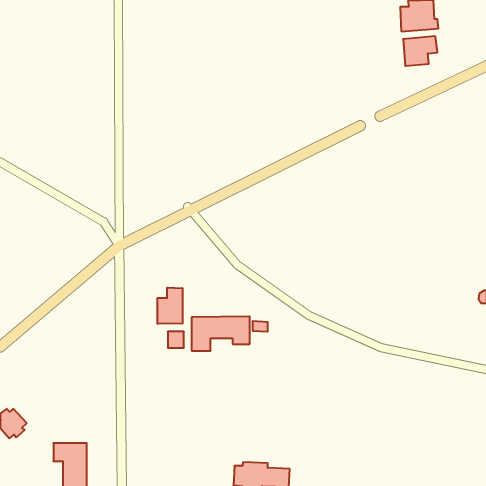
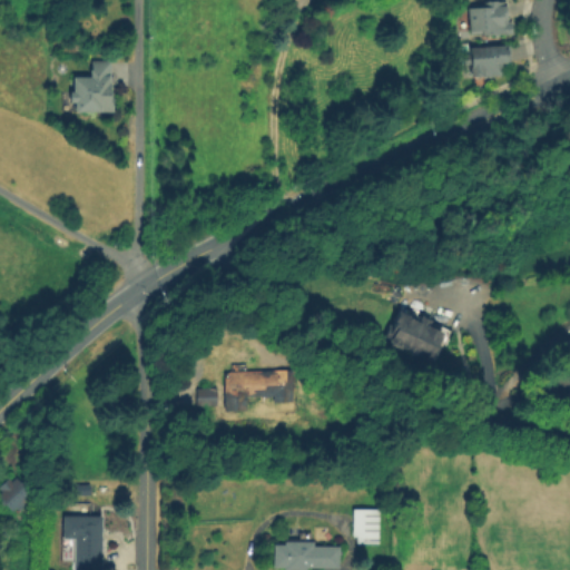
building: none -> [77,61,115,112]
building: none -> [385,309,445,360]
building: [157,288,182,324] -> none
building: none -> [353,510,380,544]

